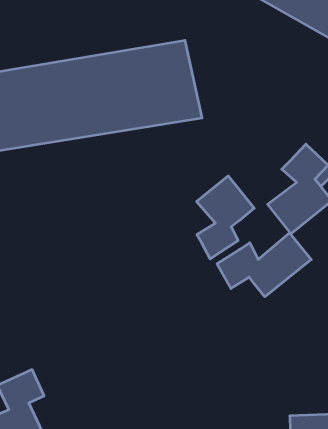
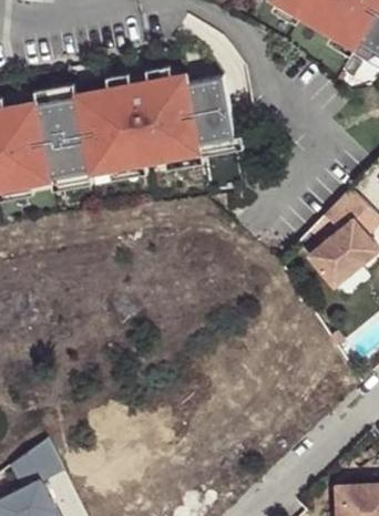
building: [197,176,254,259] -> none
building: [217,233,311,297] -> none

